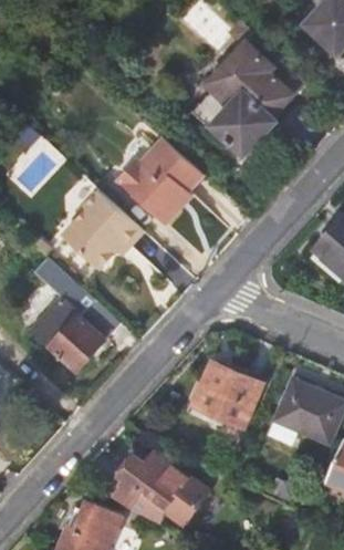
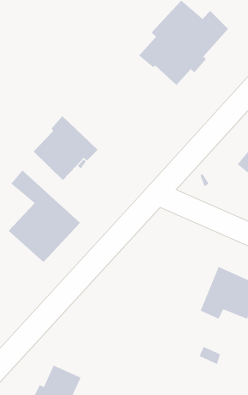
building: [114,136,204,227] -> none
building: [191,360,261,426] -> none
building: [116,448,211,523] -> none

